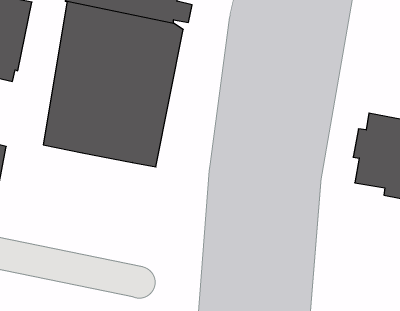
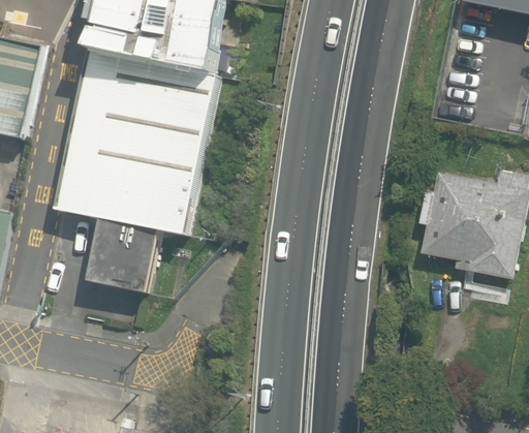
building: none -> [89,219,160,293]

